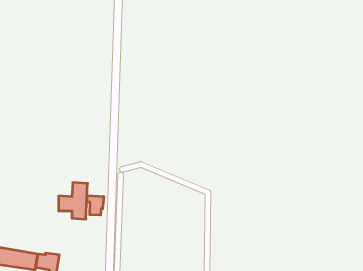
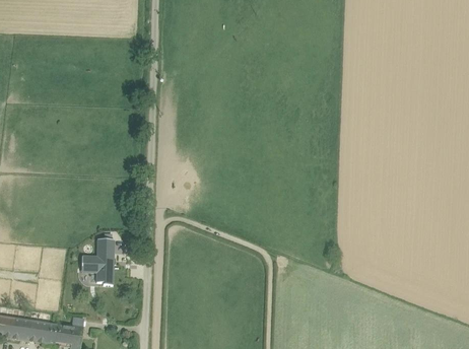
building: [87,196,104,215] -> none

